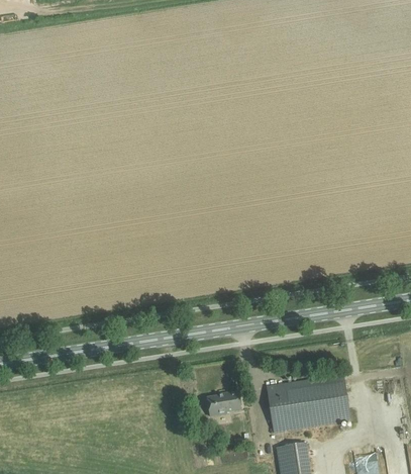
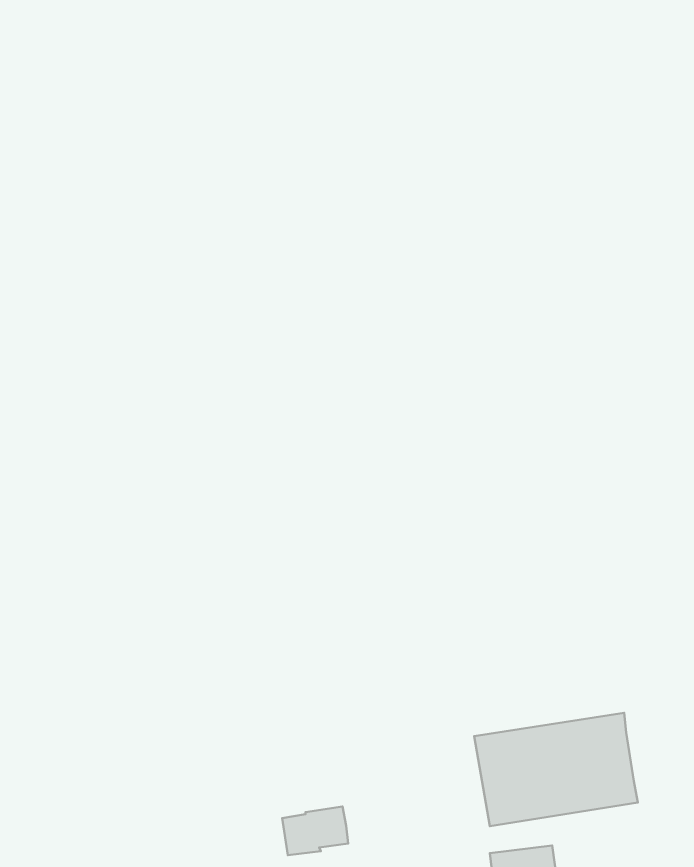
building: [206,390,240,415] -> [282,806,348,855]

